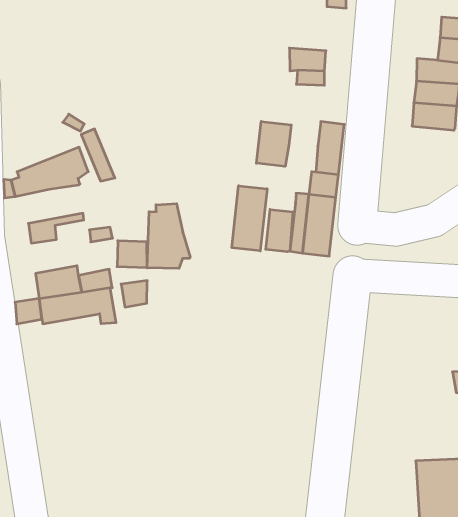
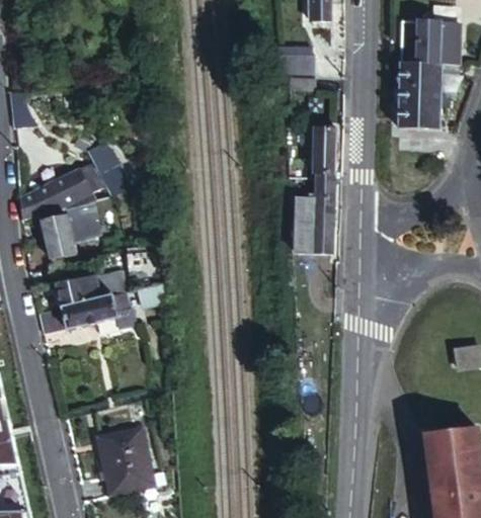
building: [256,121,291,166] -> none
building: none -> [42,199,96,239]
building: [232,186,267,251] -> none
building: [147,204,190,268] -> none
building: [266,209,293,252] -> none
building: none -> [94,427,149,496]

